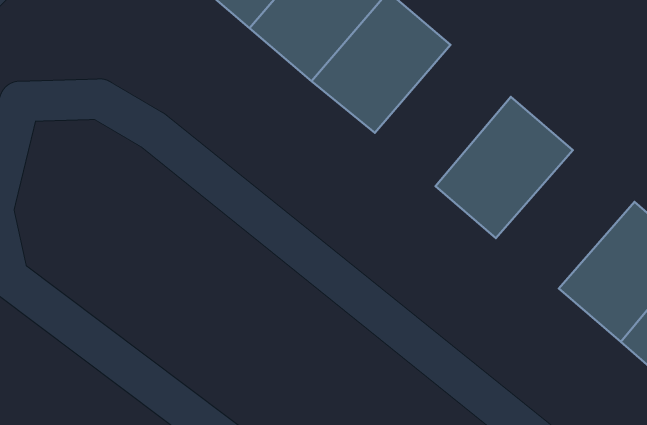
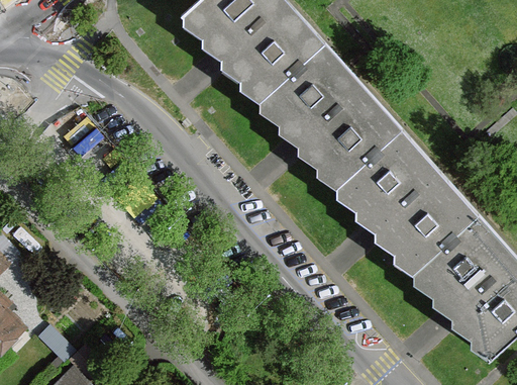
building: none -> [301,90,400,188]
building: none -> [376,176,477,272]

